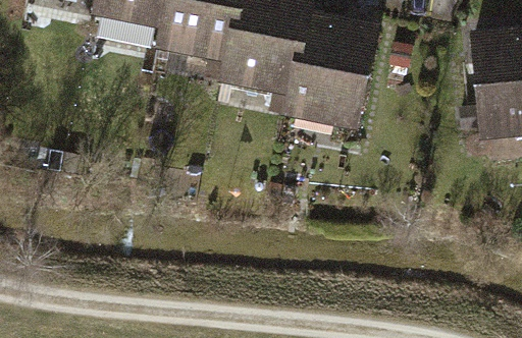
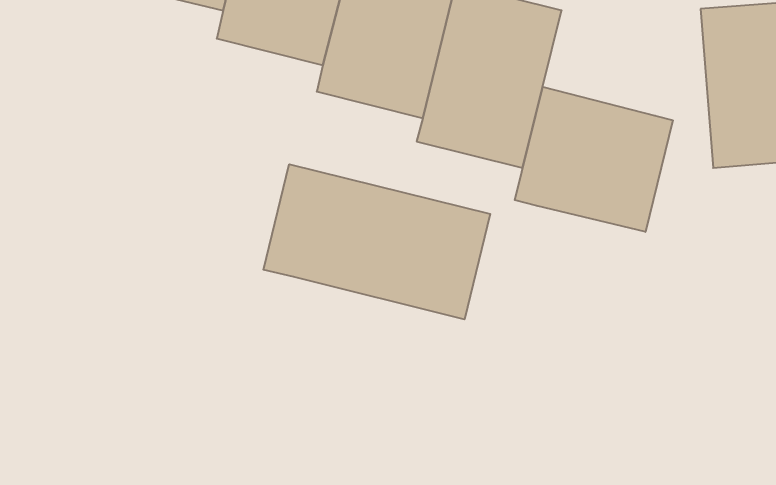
building: none -> [515,87,673,232]
building: none -> [263,164,490,319]

